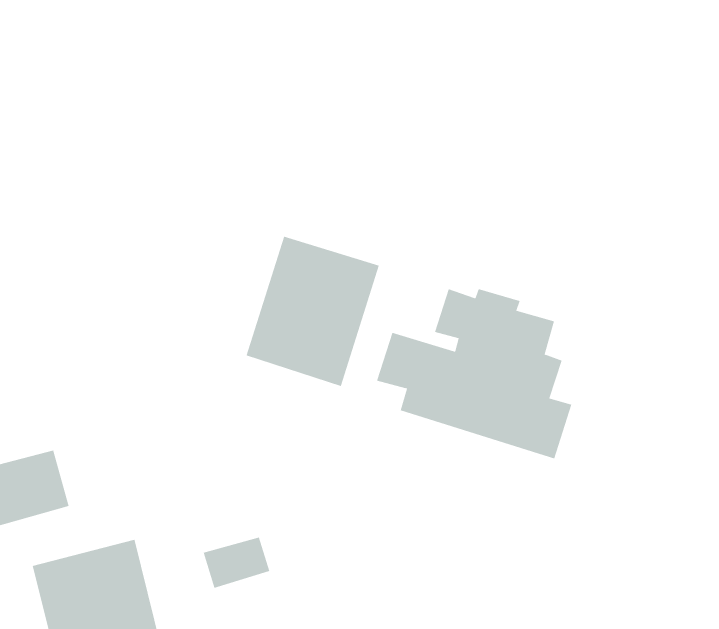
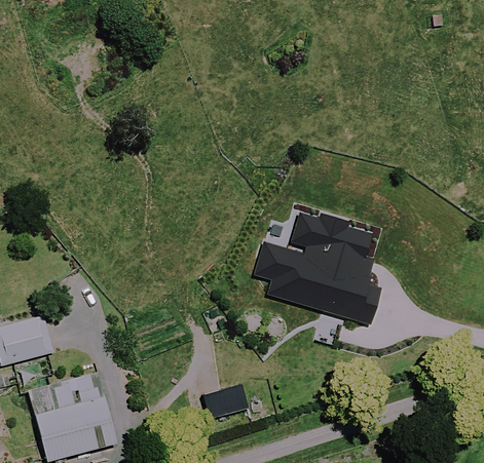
building: [246,236,379,387] -> none
building: [203,537,270,589] -> [203,382,248,416]

